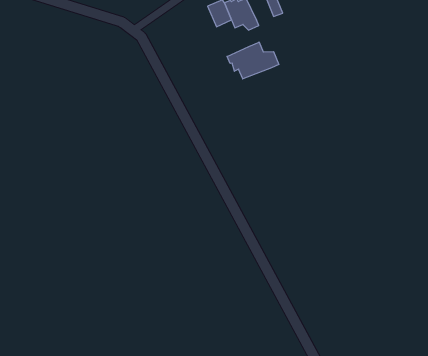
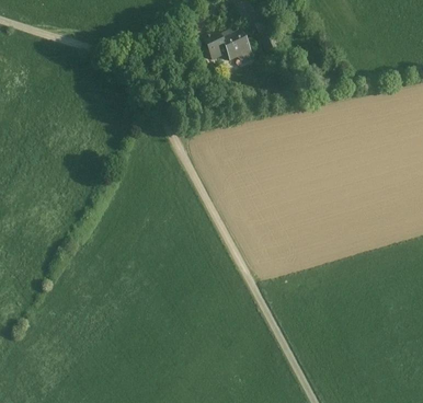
building: [227,42,279,79] -> none

